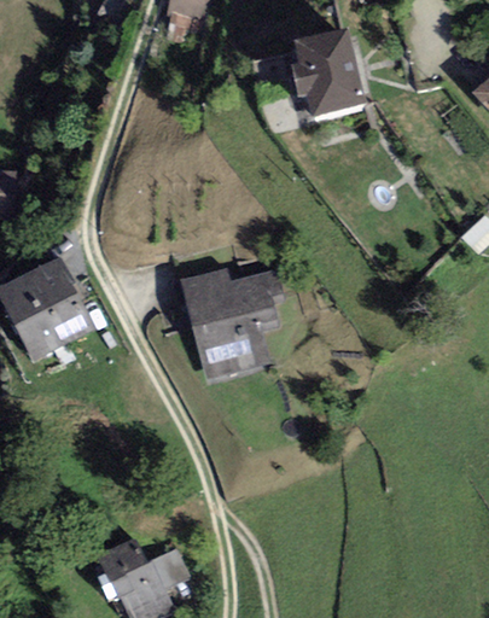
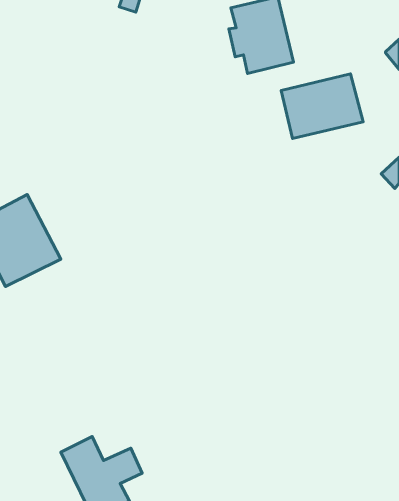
building: none -> [281,74,363,139]
building: [177,267,285,385] -> none

